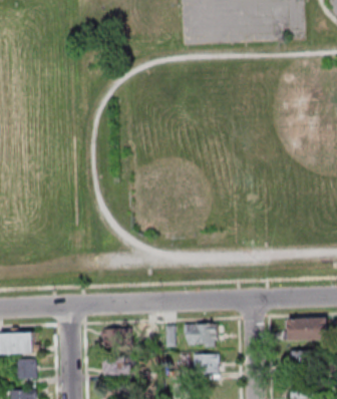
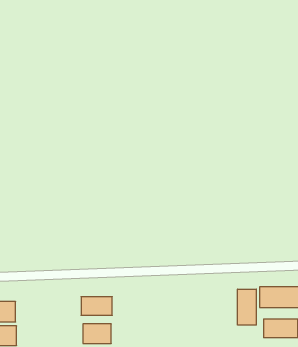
building: none -> [238,289,256,325]
building: [187,325,217,346] -> none
building: [195,354,219,373] -> none

